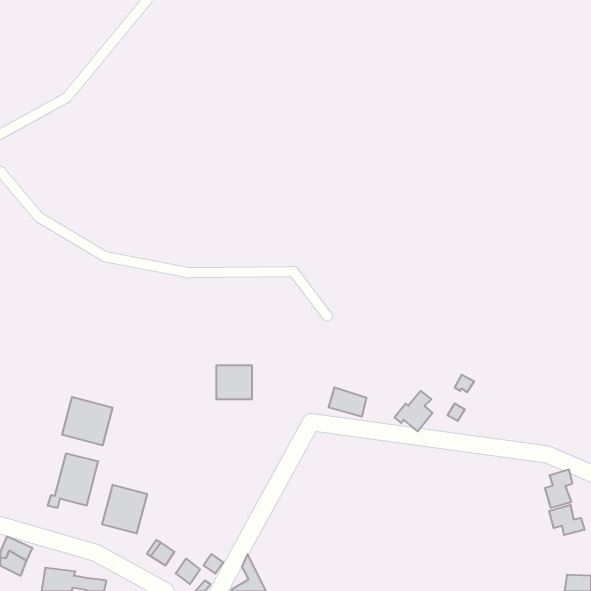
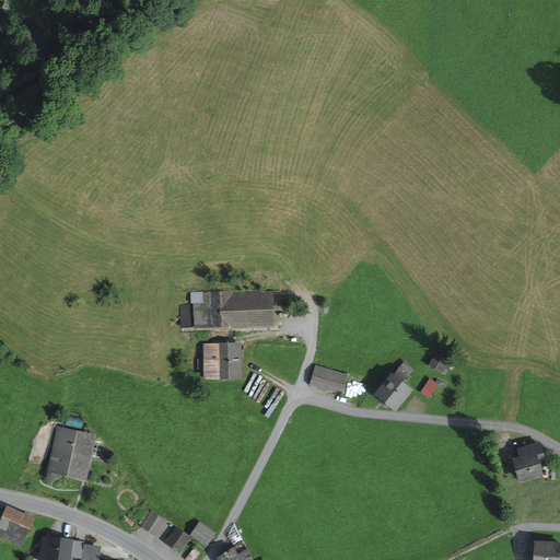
building: none -> [194,291,281,326]
building: [62,397,113,445] -> none
building: [102,485,147,534] -> none
building: [549,505,584,535] -> none

